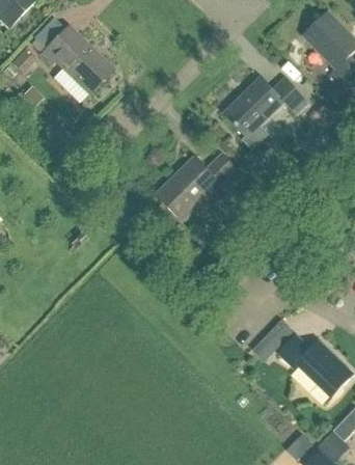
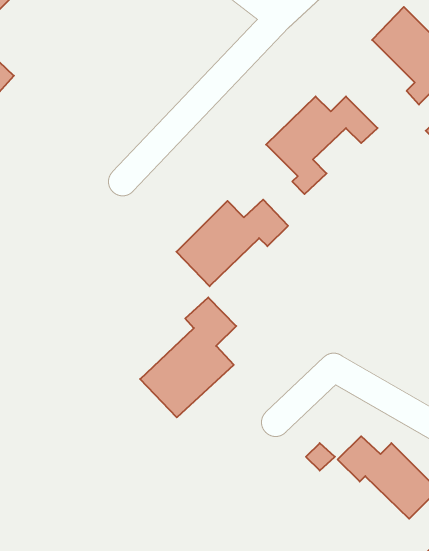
building: [40,25,111,92] -> none
building: none -> [140,297,236,417]

